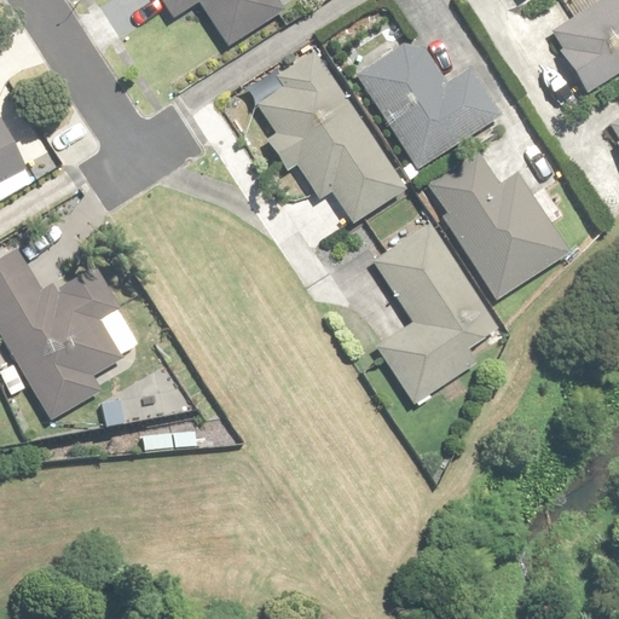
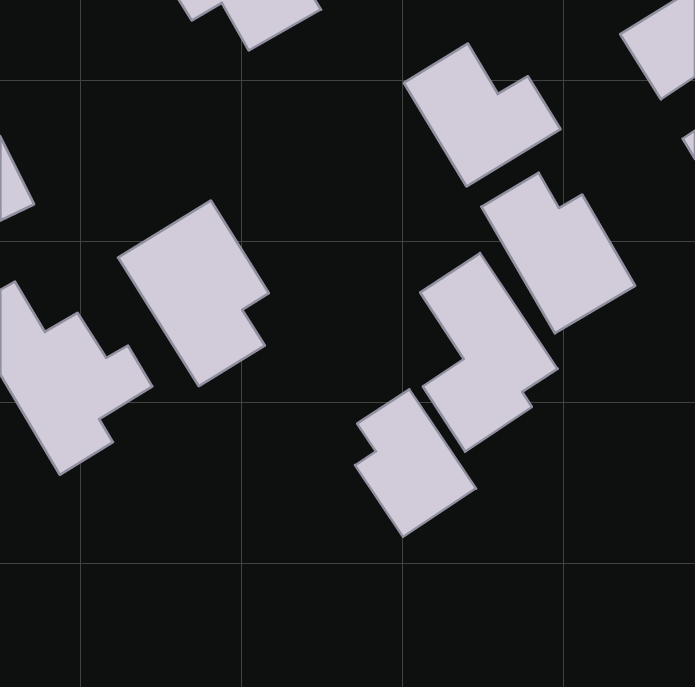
building: [258,50,403,220] -> none
building: none -> [118,201,269,386]
building: none -> [355,389,476,537]

